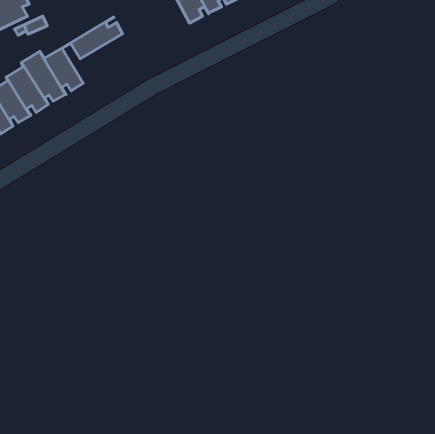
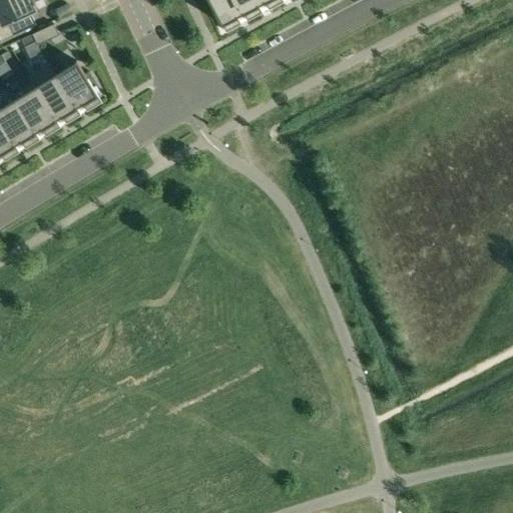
building: [62,17,123,59] -> none

